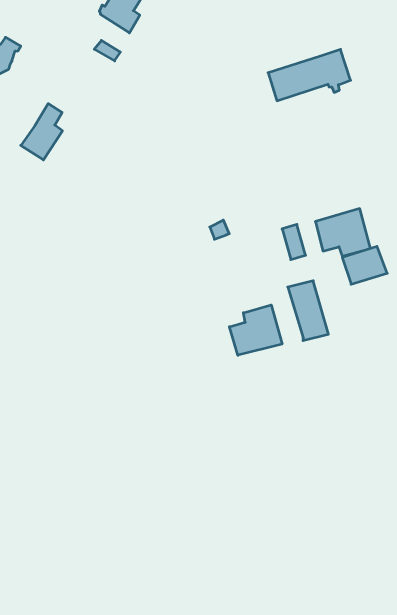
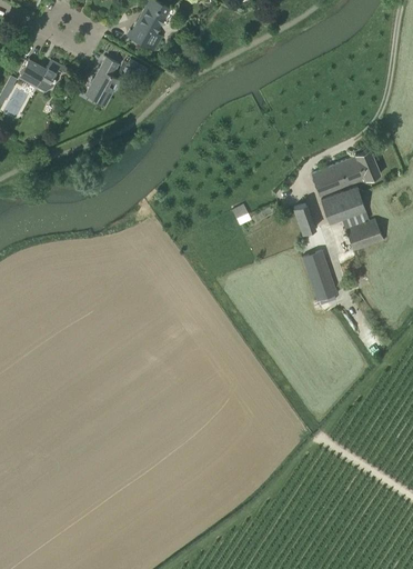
building: [268,49,351,101] -> [311,149,381,196]
building: [21,104,62,160] -> [84,57,119,104]
building: [229,305,282,355] -> none

